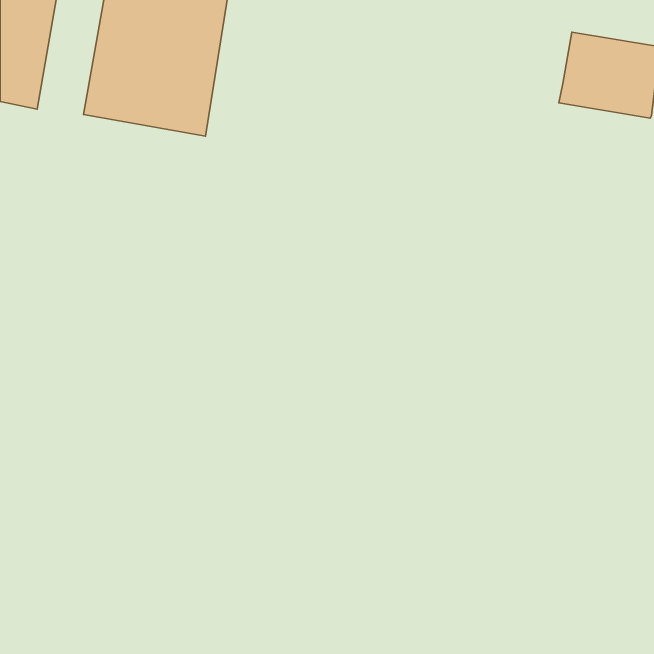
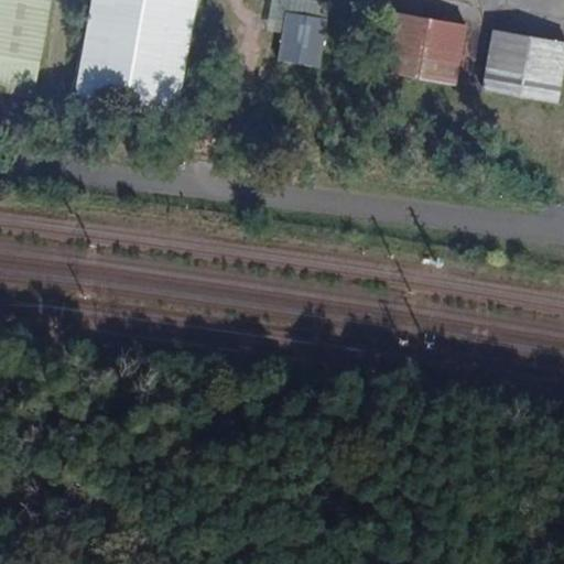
building: none -> [279,10,326,65]
building: none -> [380,10,467,83]

